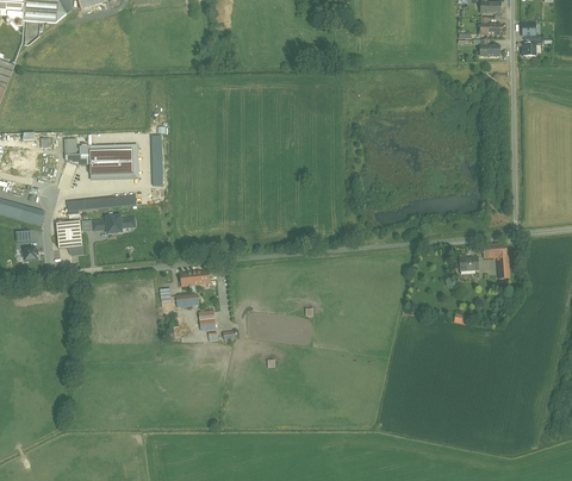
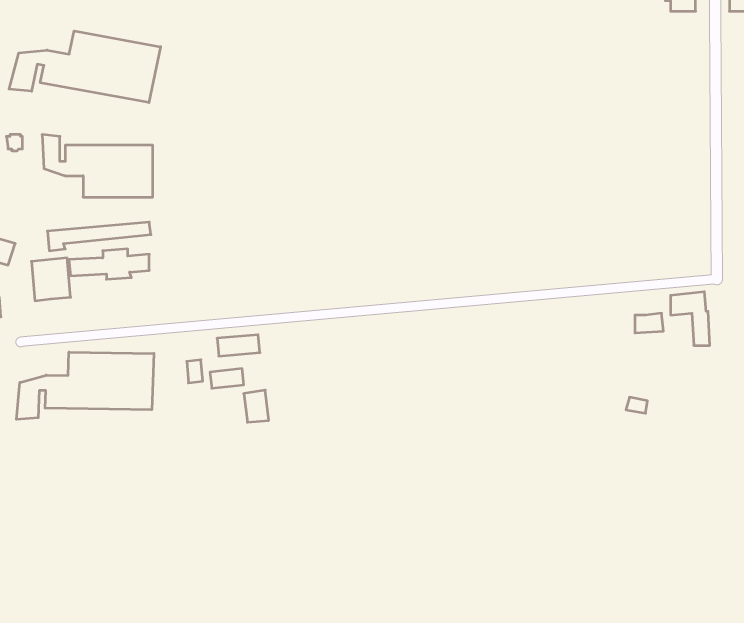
building: none -> [9,31,161,103]
building: none -> [16,352,154,419]

